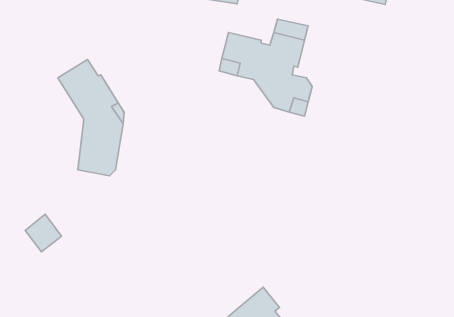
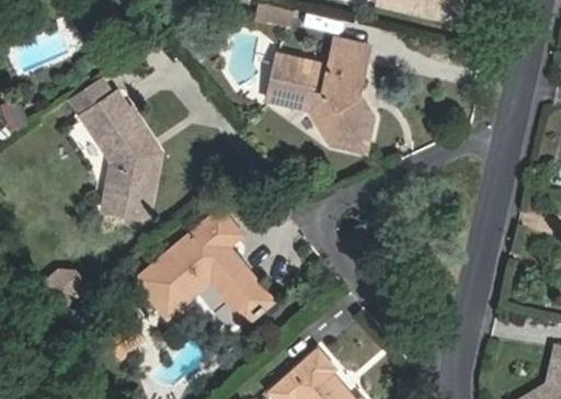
building: none -> [135,208,271,321]

